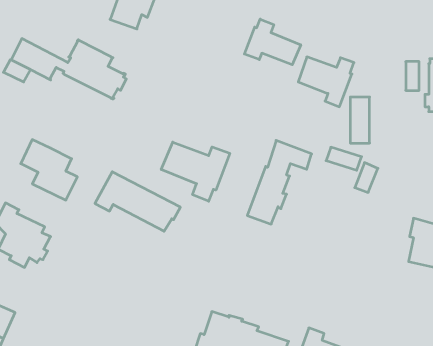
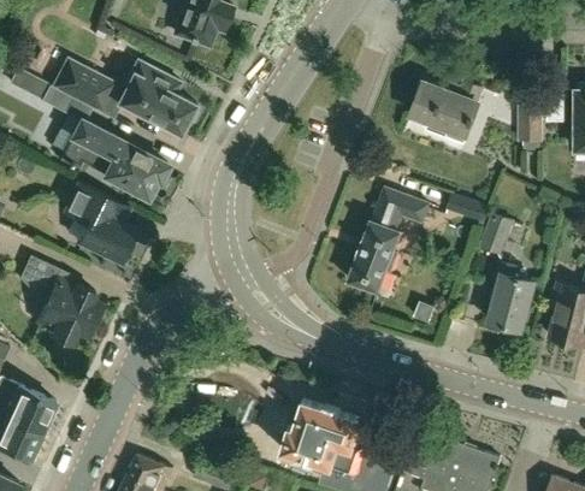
building: [244,19,301,65] -> none
building: [350,97,370,143] -> [519,85,543,143]
building: [161,142,230,201] -> none
building: [95,172,180,231] -> [59,120,166,195]
building: none -> [489,262,534,331]

